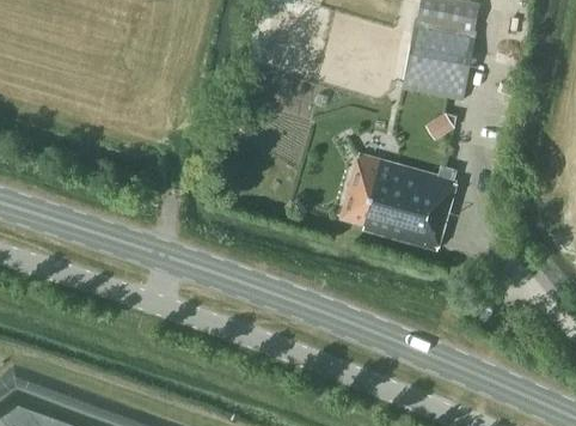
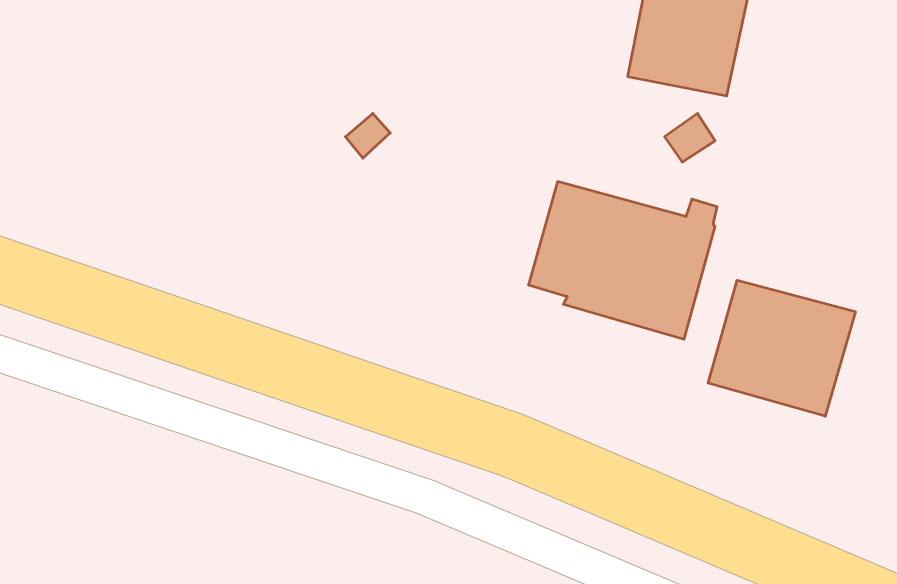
building: none -> [708,280,855,416]

